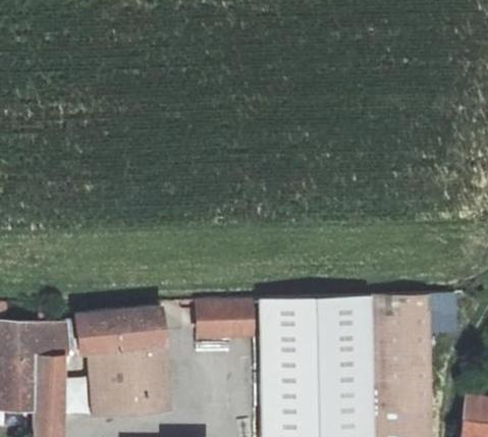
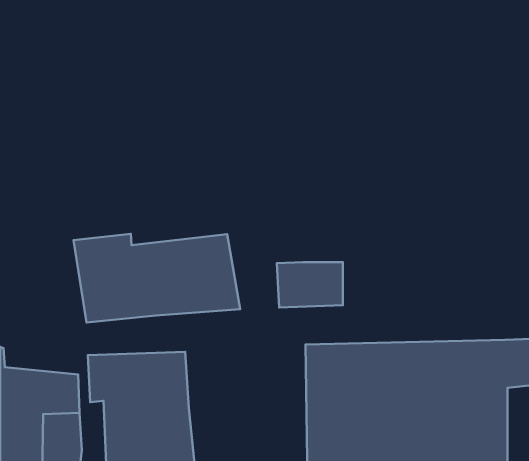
building: none -> [73,234,240,323]
building: [196,301,252,339] -> [277,262,343,308]

